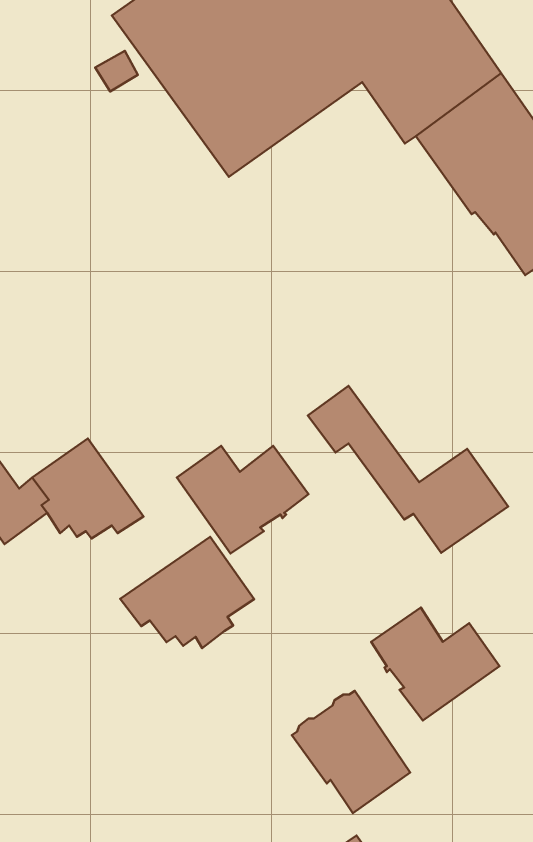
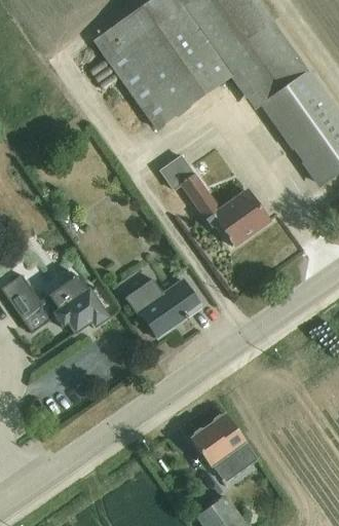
building: [308,386,508,553] -> [158,153,269,246]
building: [120,537,254,648] -> none
building: [371,607,500,721] -> none

